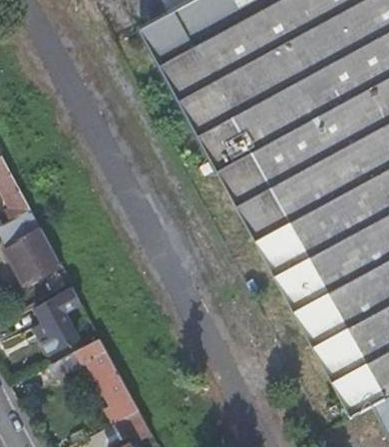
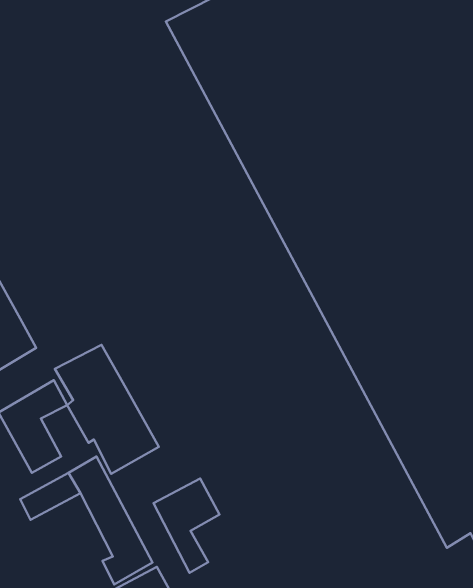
building: none -> [55,345,159,474]
building: none -> [153,478,219,573]

